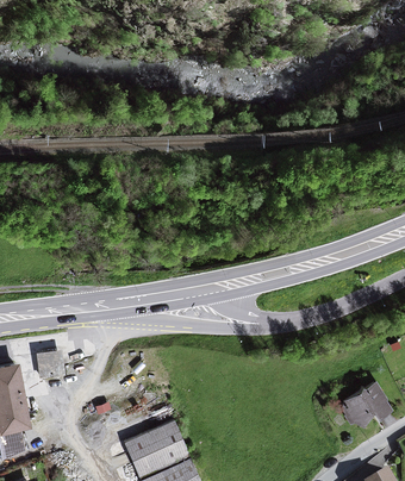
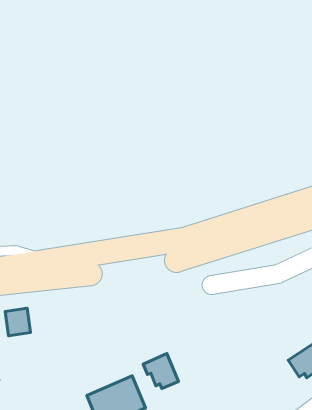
building: none -> [143,354,179,388]

